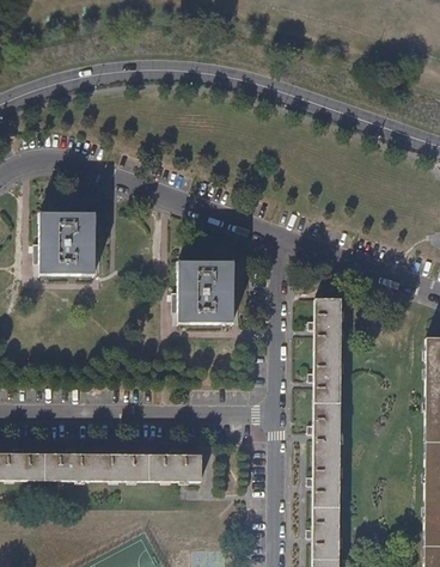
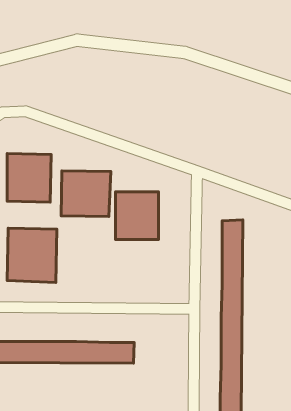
building: none -> [61,171,111,217]
building: none -> [7,228,57,283]

